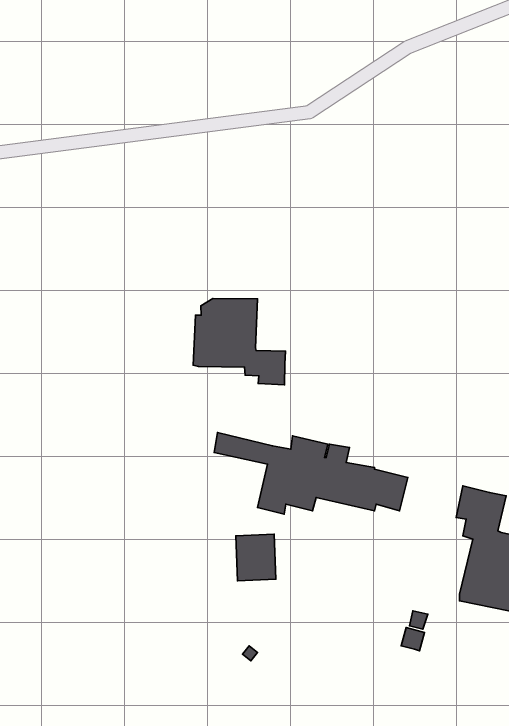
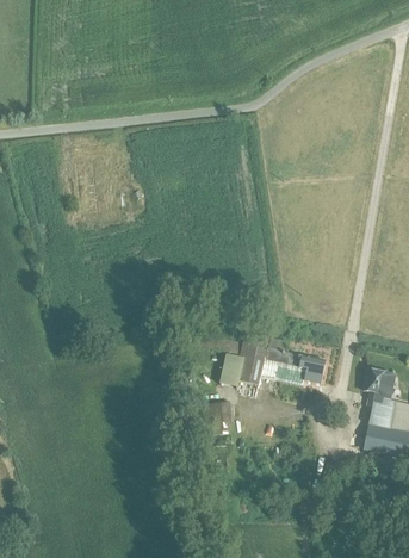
building: [193,298,285,385] -> none

